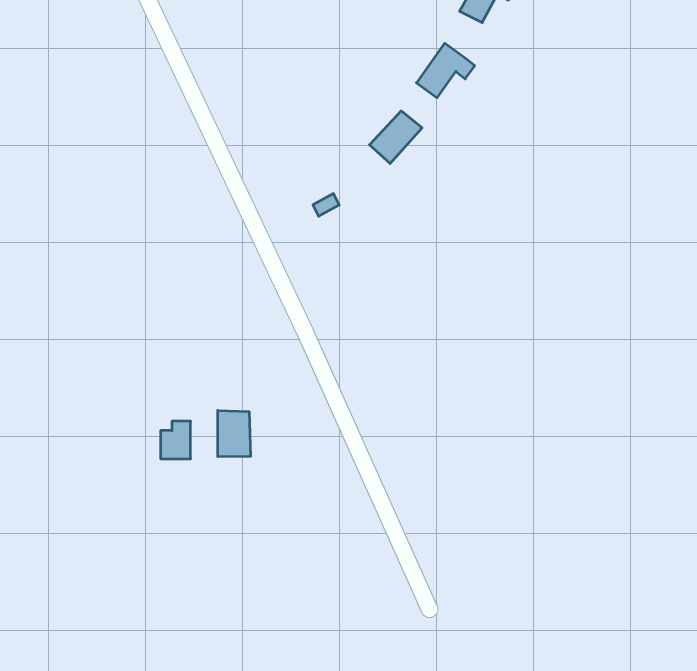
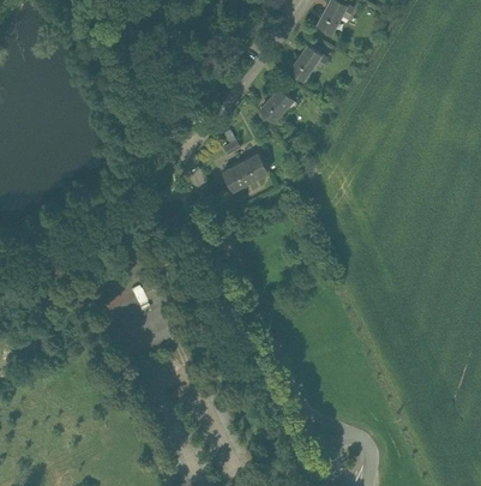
building: none -> [222,155,267,193]
building: [218,410,251,457] -> none

